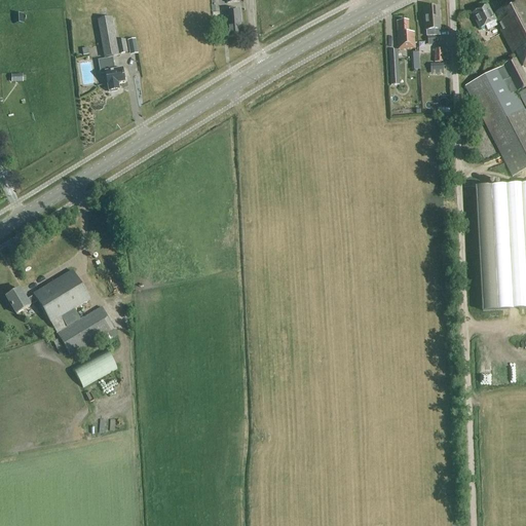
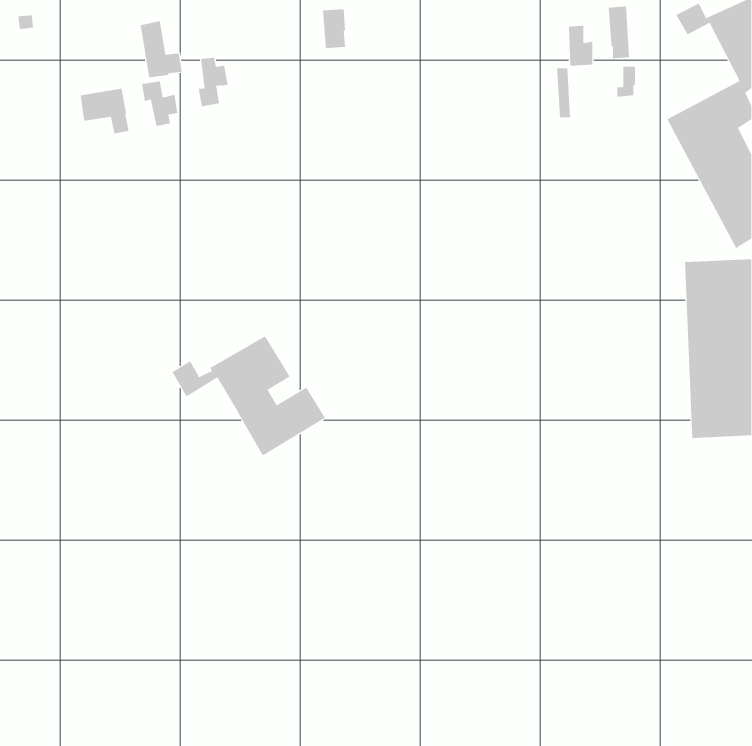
building: none -> [198,57,228,107]
building: none -> [80,88,129,134]
building: [6,268,114,352] -> [171,335,326,456]
building: [77,347,120,382] -> none

